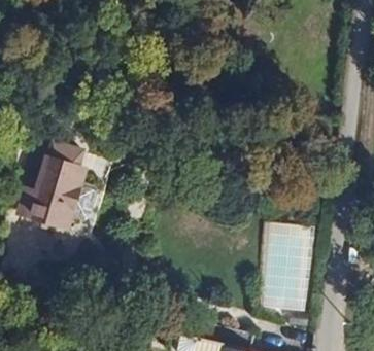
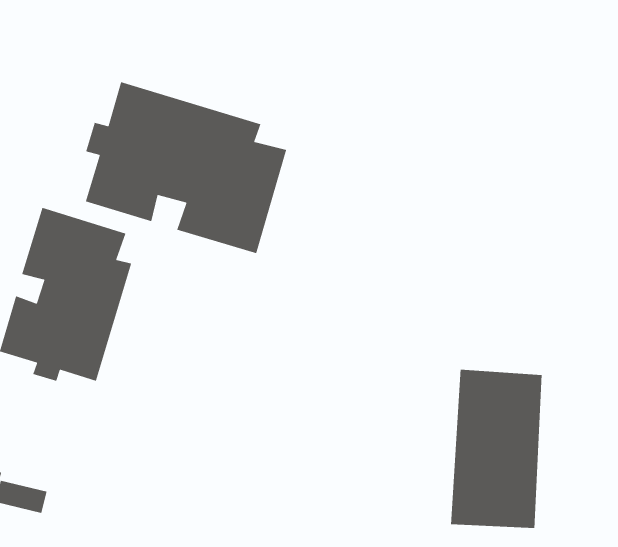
building: none -> [85,81,287,254]

